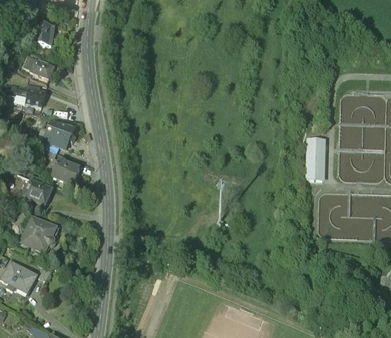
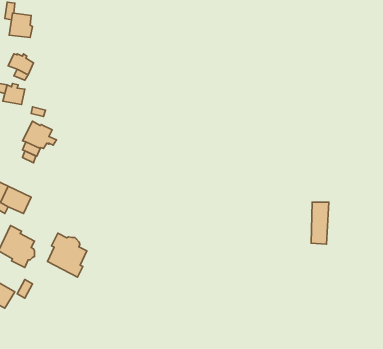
building: [308,144,324,183] -> [311,202,329,244]
building: [53,157,80,184] -> none
building: none -> [48,233,87,277]

